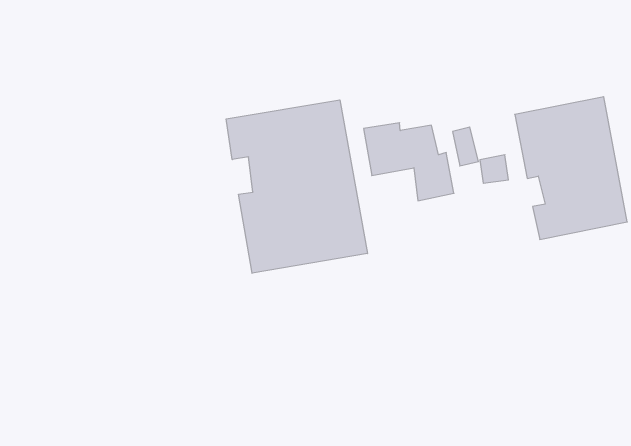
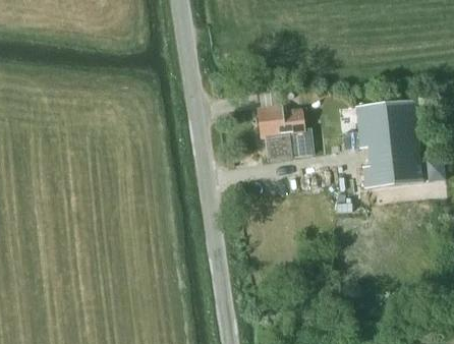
building: [226,100,367,273] -> none

